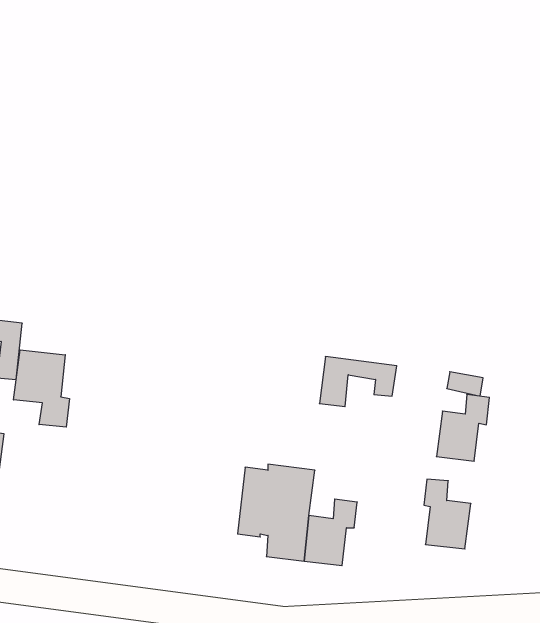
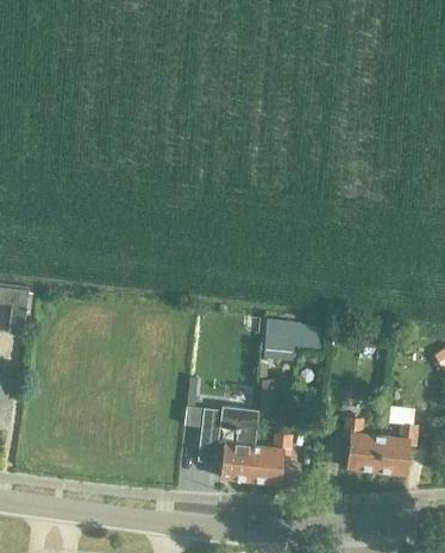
building: [14,350,69,427] -> none
building: [436,394,489,461] -> [376,425,418,477]

